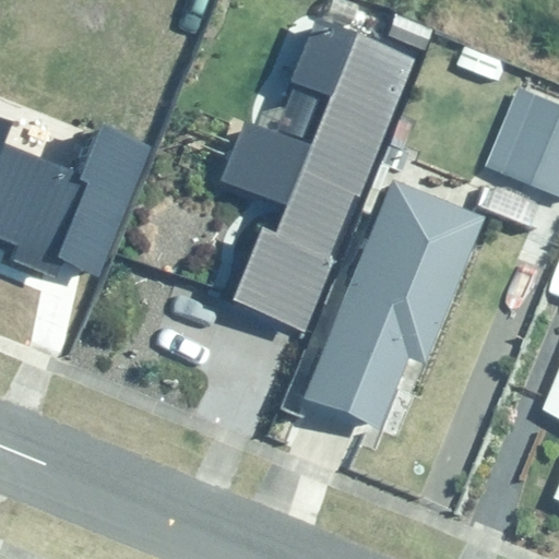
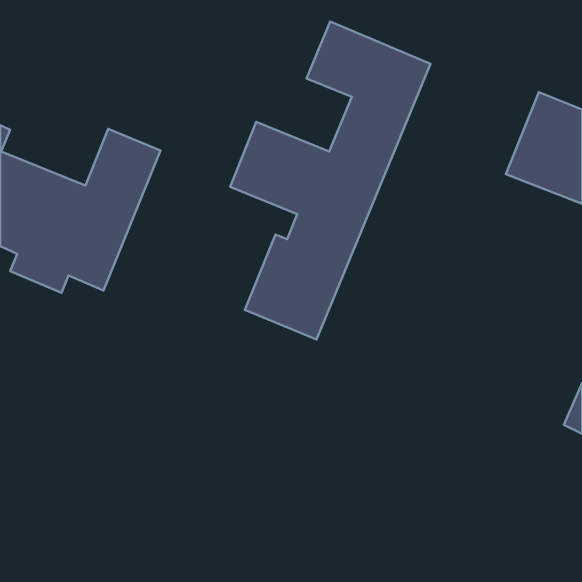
building: [304,177,488,427] -> none

